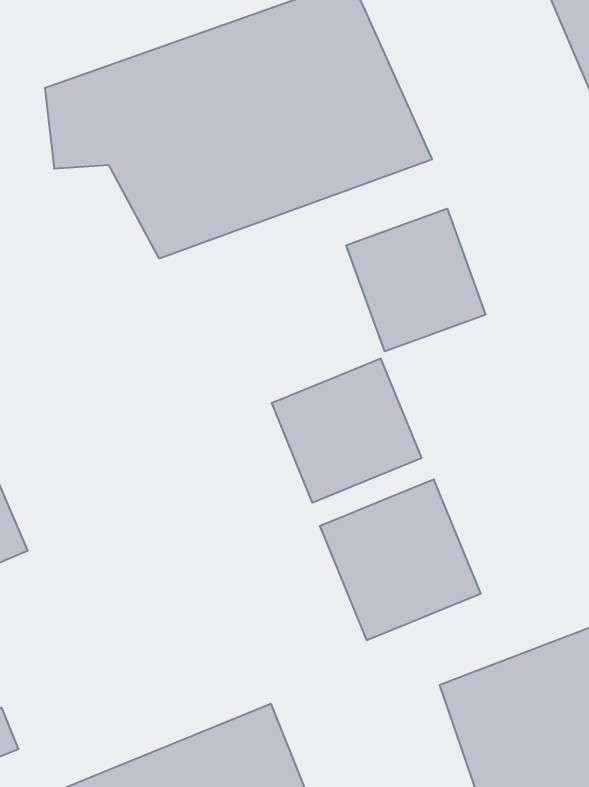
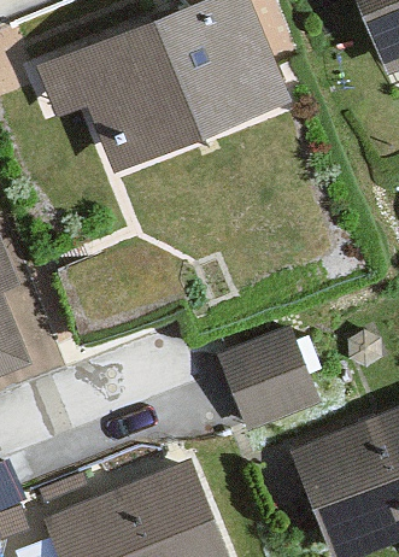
building: [346,209,486,351] -> none
building: [272,358,421,503] -> none

